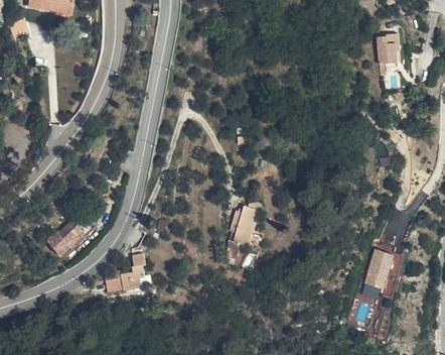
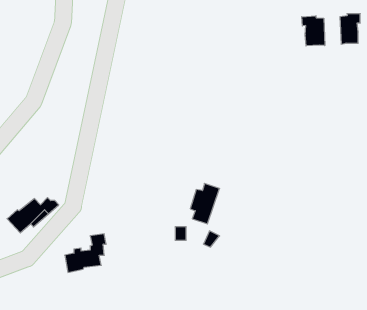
building: none -> [302,16,325,46]
building: [360,247,399,295] -> none

